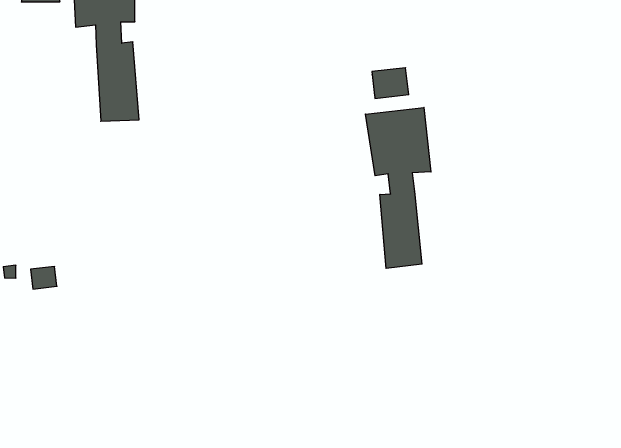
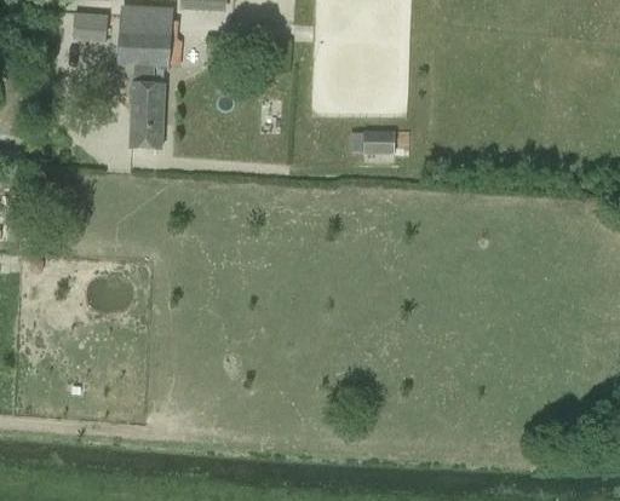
building: [365,107,431,268] -> none

